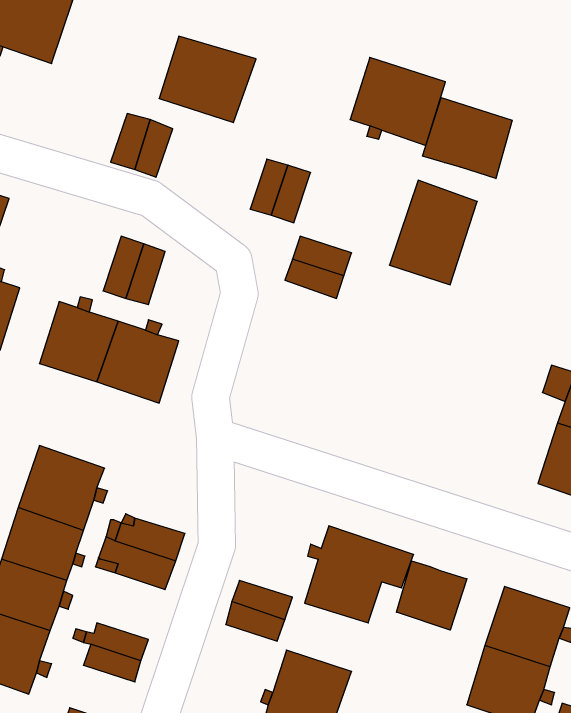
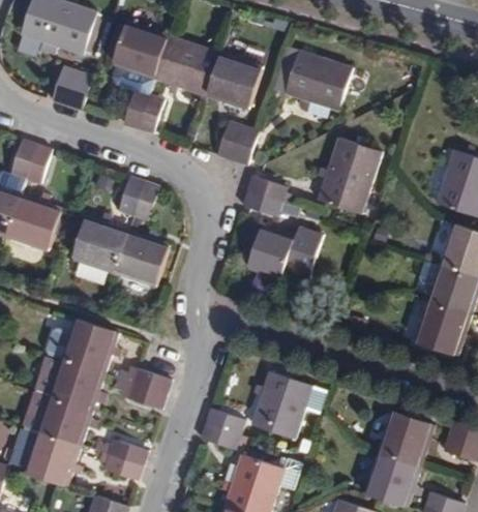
building: none -> [113,24,168,80]
building: none -> [205,53,260,110]
building: none -> [51,65,91,110]
building: [422,97,512,179] -> none
building: none -> [248,223,327,278]
building: [396,561,467,630] -> none

